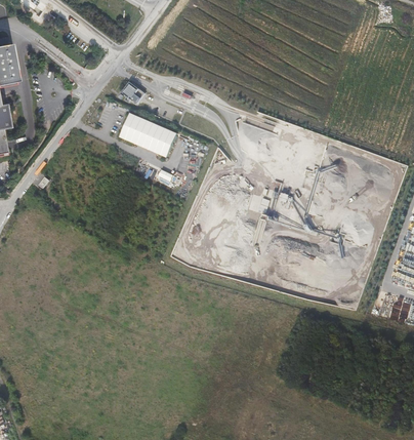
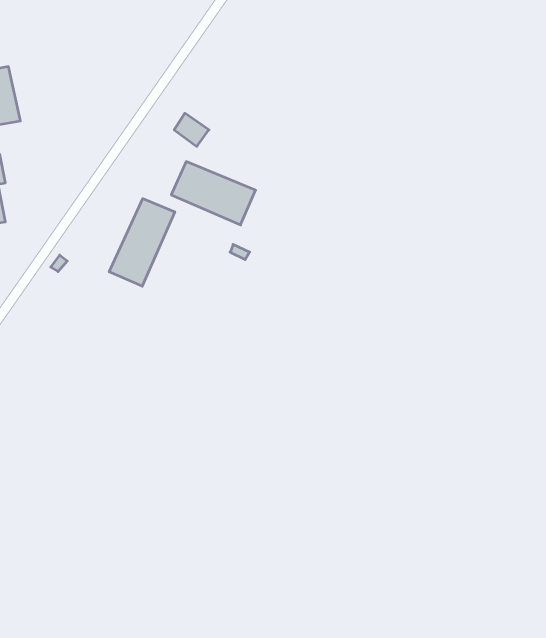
building: none -> [109,199,175,286]

